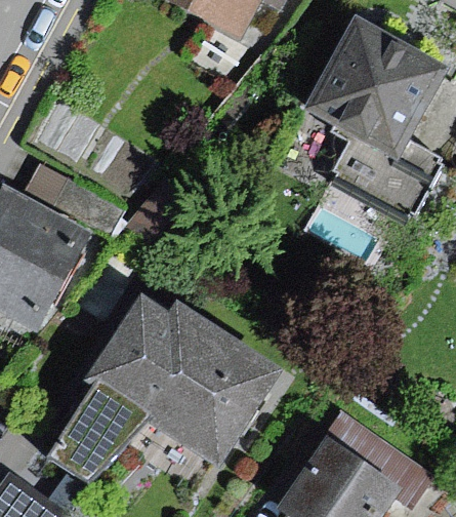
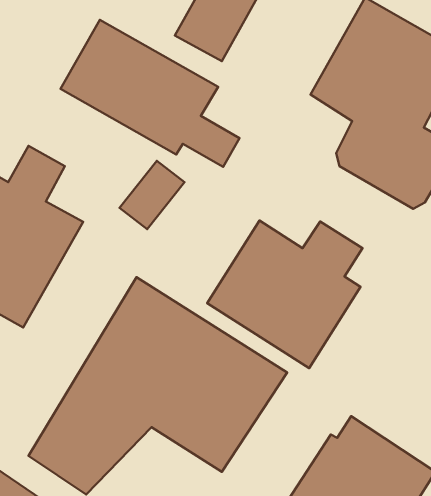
building: none -> [60,20,240,167]
building: none -> [207,220,363,368]

